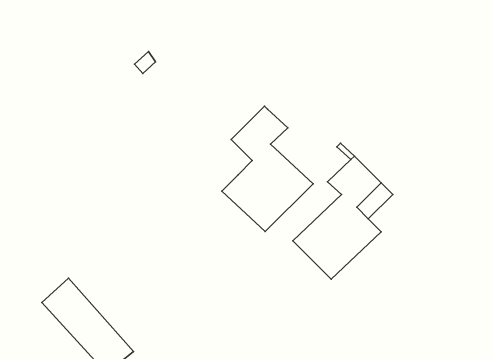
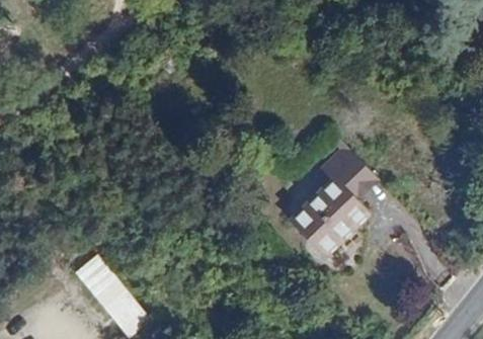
building: [222,106,313,232] -> none

